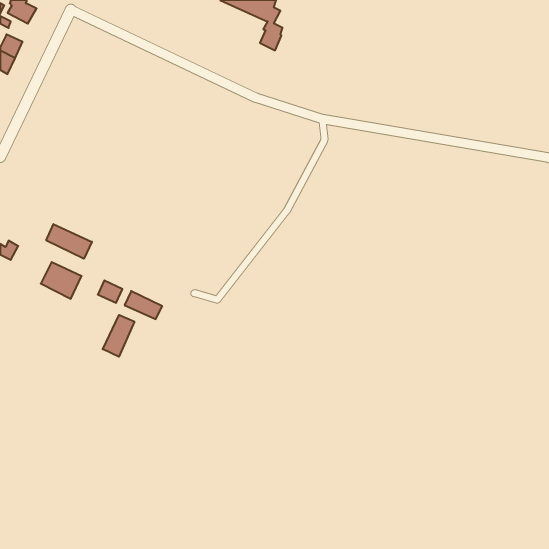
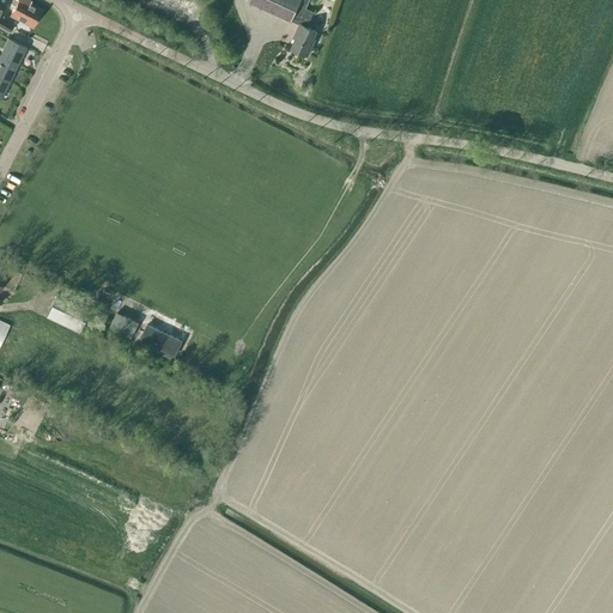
building: [46,224,92,259] -> none
building: [103,315,134,357] -> none

